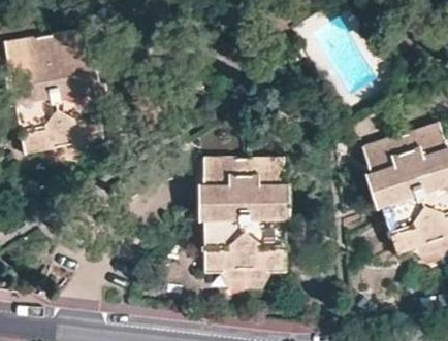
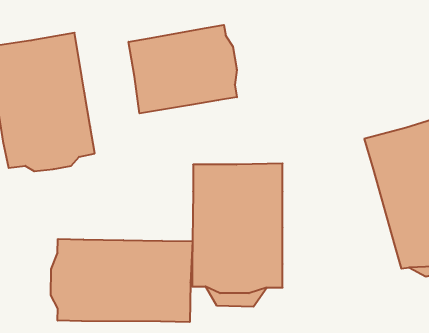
building: none -> [129,25,237,113]
building: none -> [51,239,192,322]

